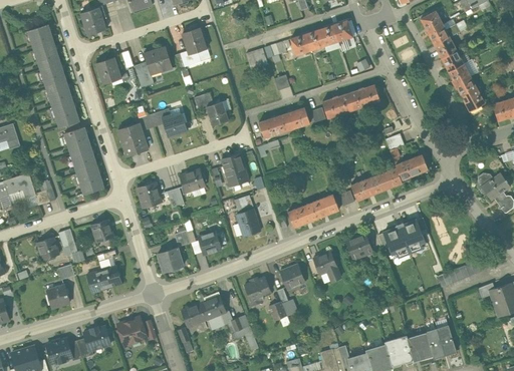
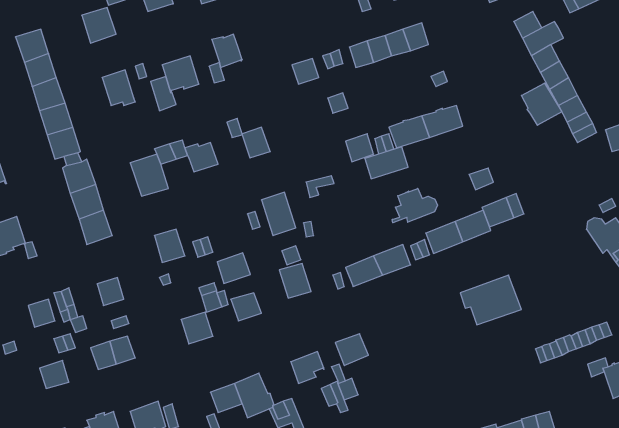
building: none -> [521,83,562,125]
building: [258,113,292,138] -> [365,147,408,179]
building: none -> [392,188,438,223]
building: [179,169,205,194] -> [217,253,250,283]
building: [345,234,372,260] -> none
building: [312,252,340,282] -> none

